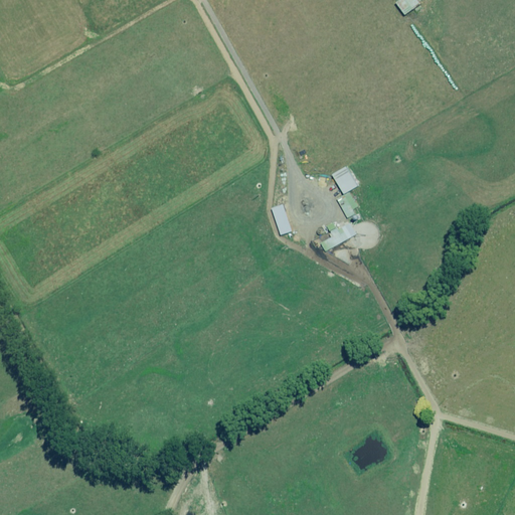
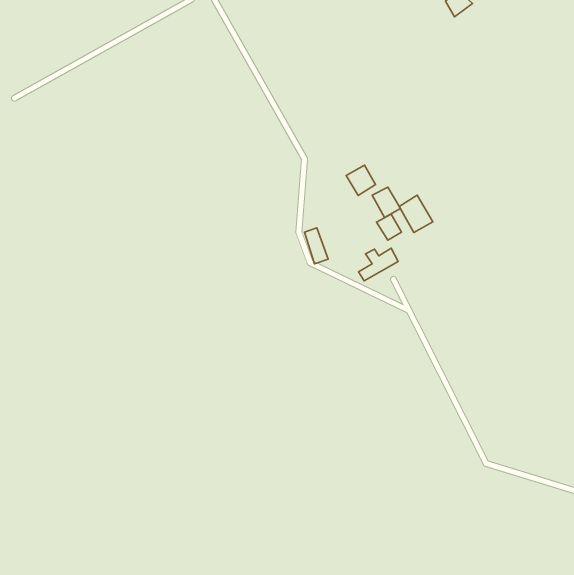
building: none -> [346,165,375,195]
building: none -> [399,195,433,233]

